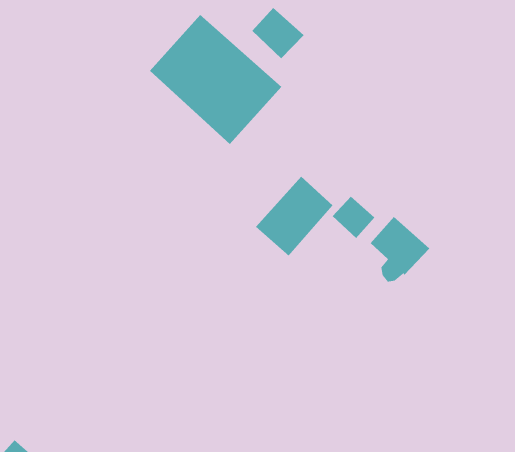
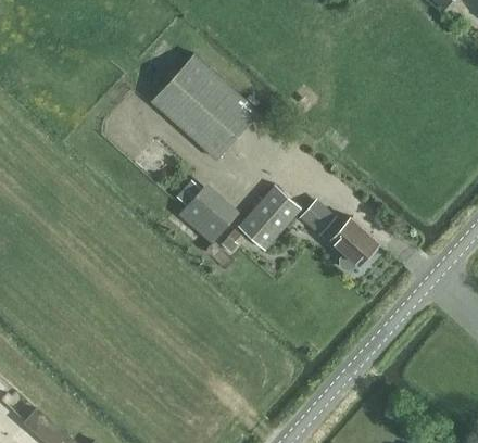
building: [252,7,305,59] -> none
building: none -> [178,182,240,243]

